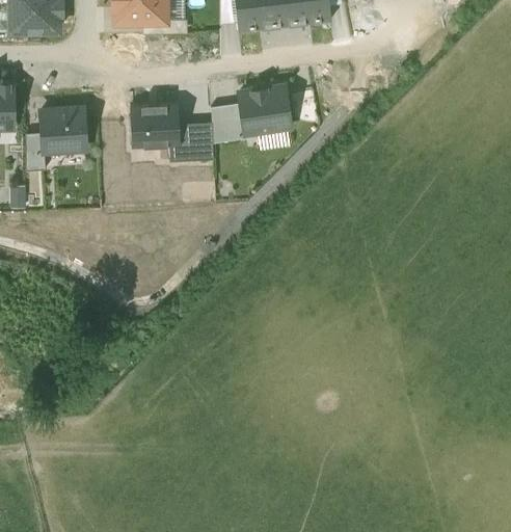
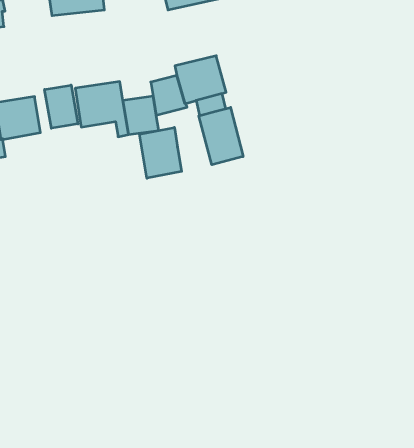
building: none -> [45,85,78,128]
building: none -> [199,107,243,165]
building: none -> [140,127,182,178]

